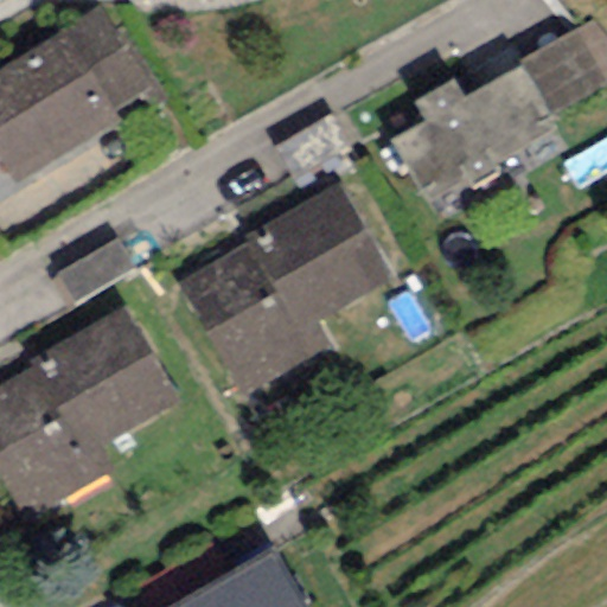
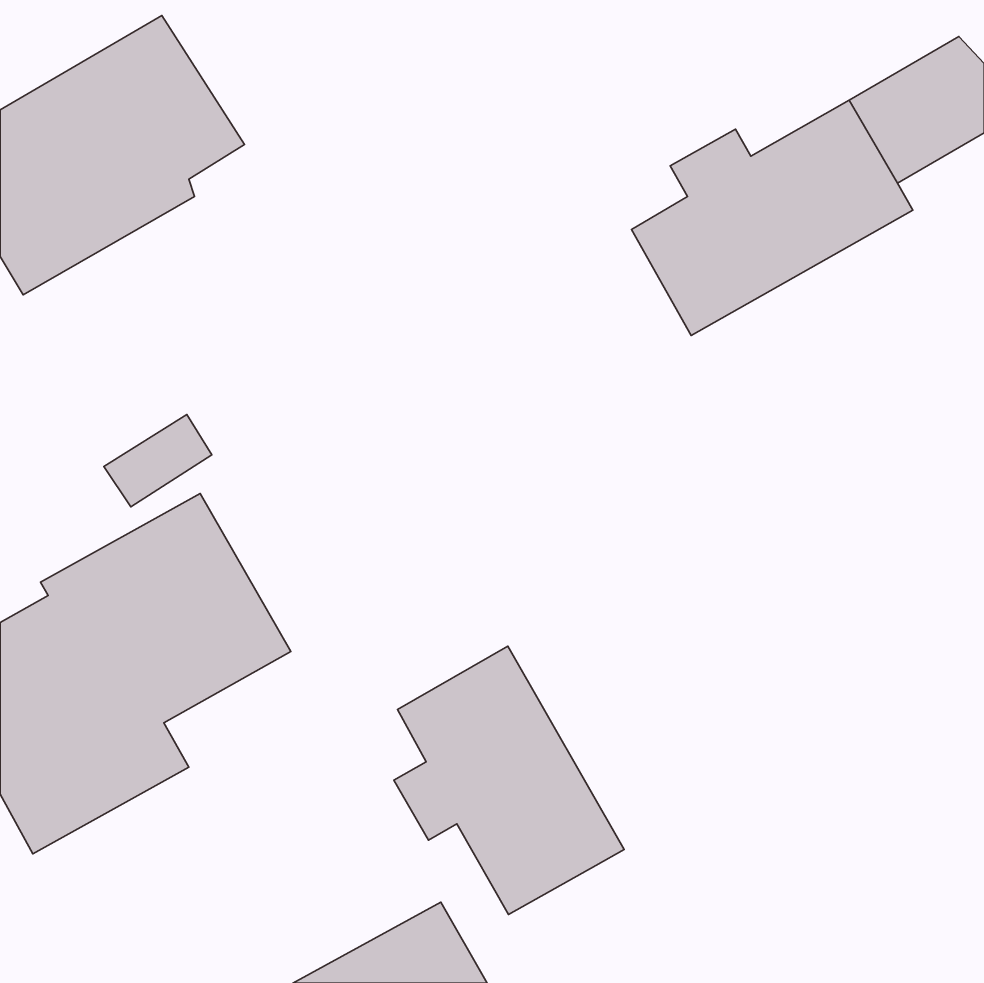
building: [177,179,396,397] -> none
building: none -> [394,646,624,914]

